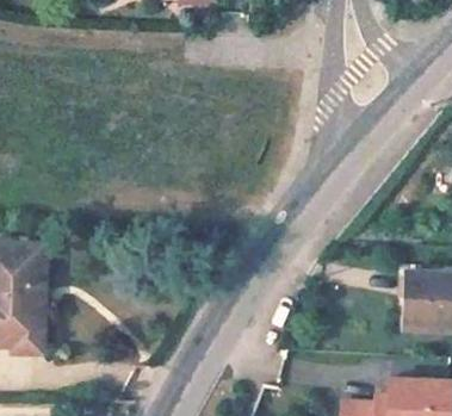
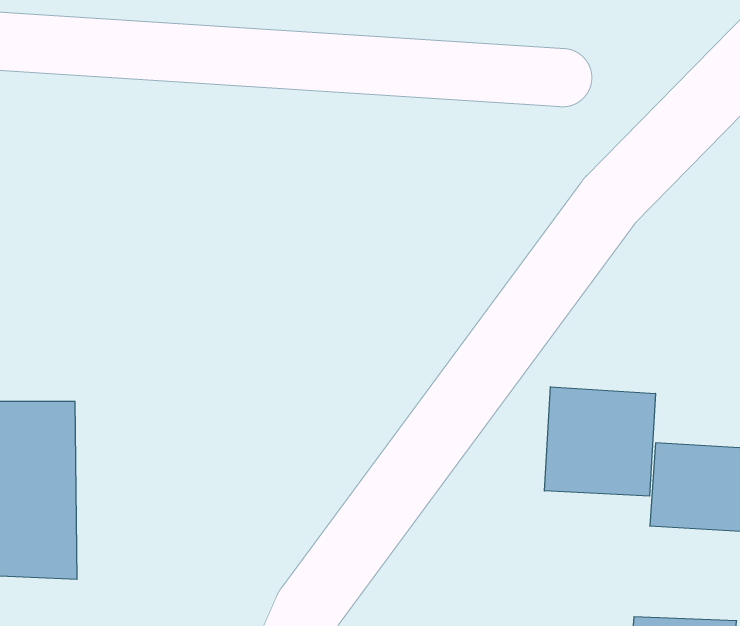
building: none -> [544,387,655,496]

